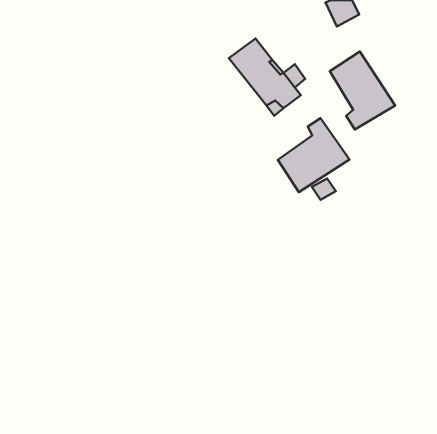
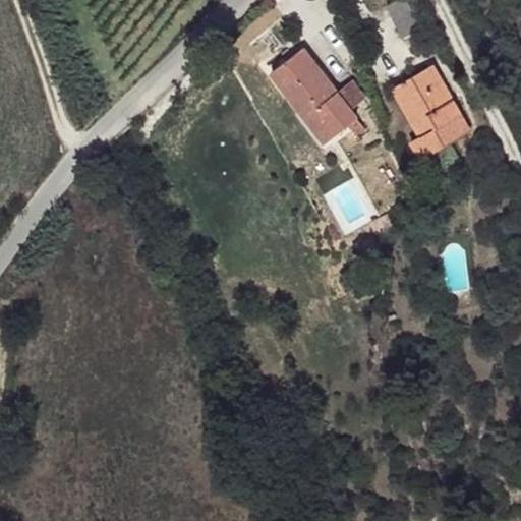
building: [278,118,349,192] -> none

